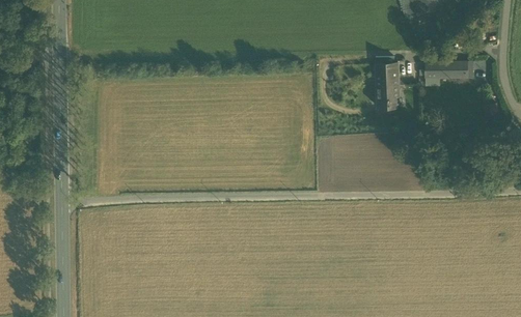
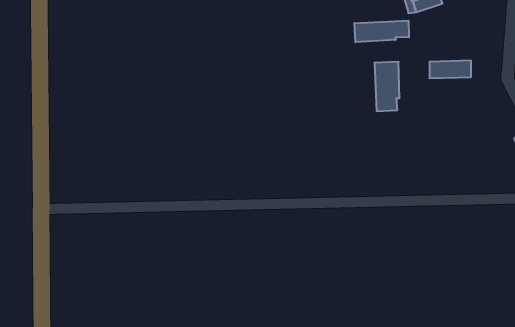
building: none -> [354,21,409,42]

